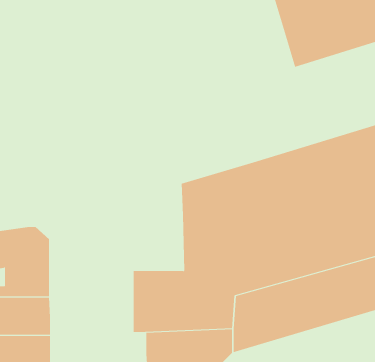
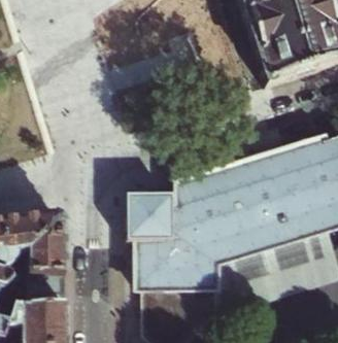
building: none -> [128,202,175,247]

